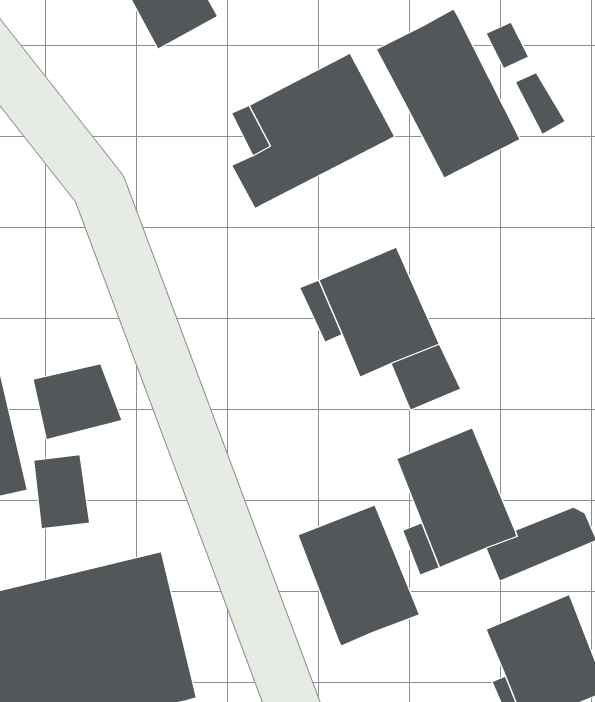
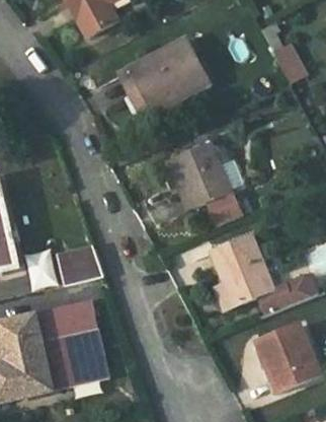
building: [376,9,520,178] -> none
building: [33,364,122,440] -> [57,245,103,285]
building: [298,505,419,646] -> none

